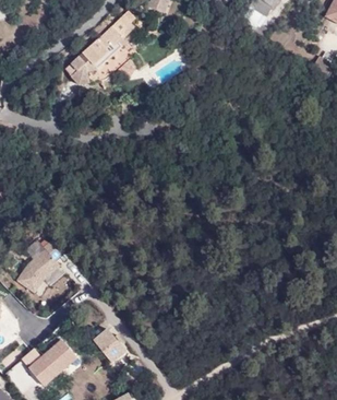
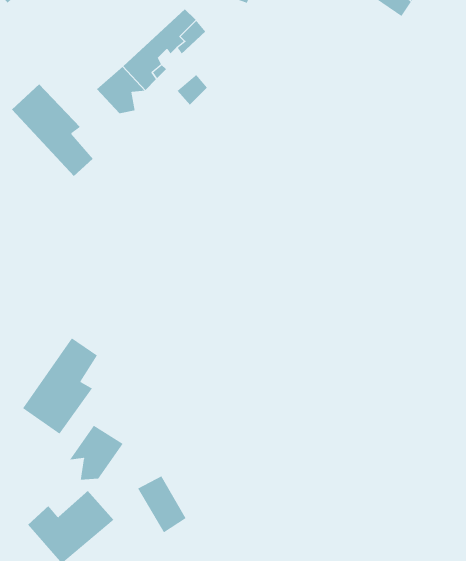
building: none -> [11,83,94,177]
building: none -> [69,425,123,480]

